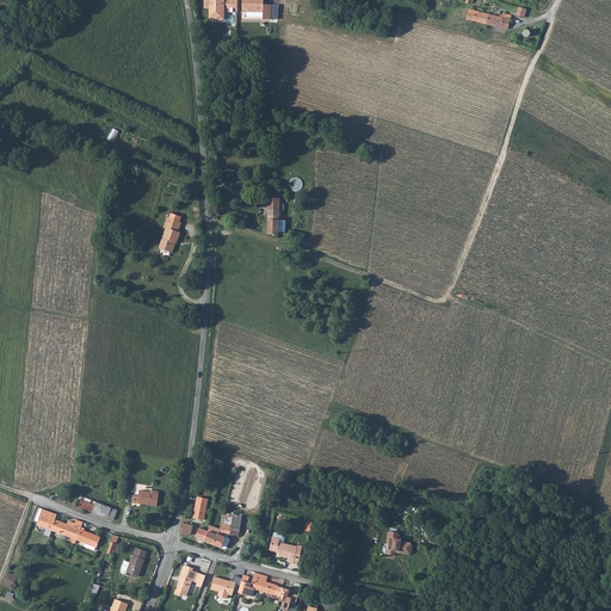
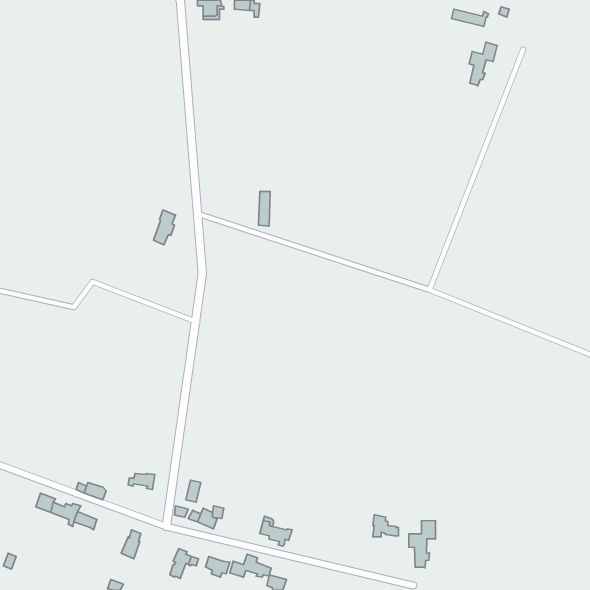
building: none -> [469,42,497,86]
building: none -> [409,520,435,568]

